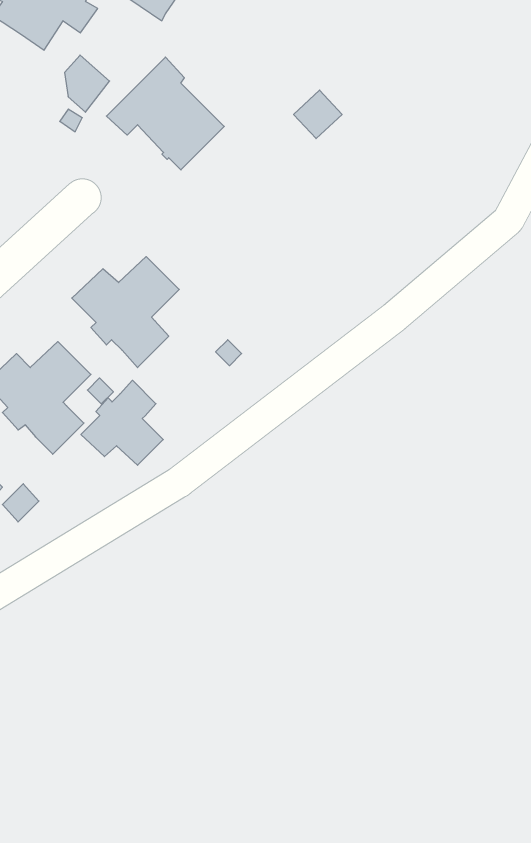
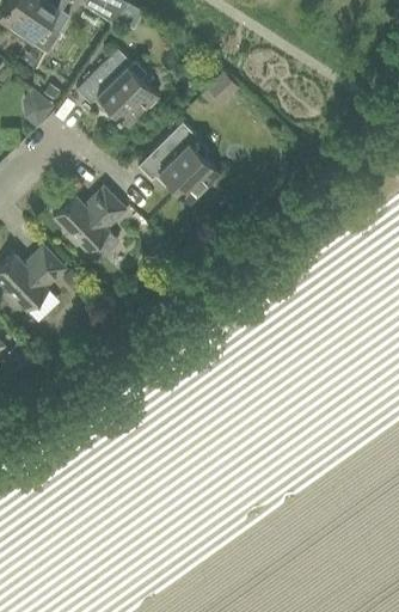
building: [65,55,110,112] -> [23,87,54,127]
building: none -> [139,122,220,203]
building: [81,380,163,465] -> none

